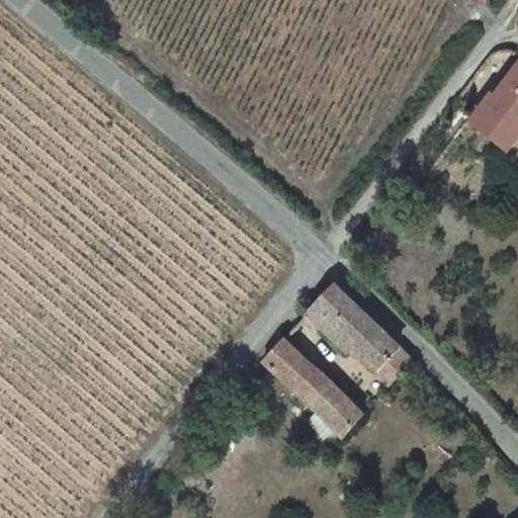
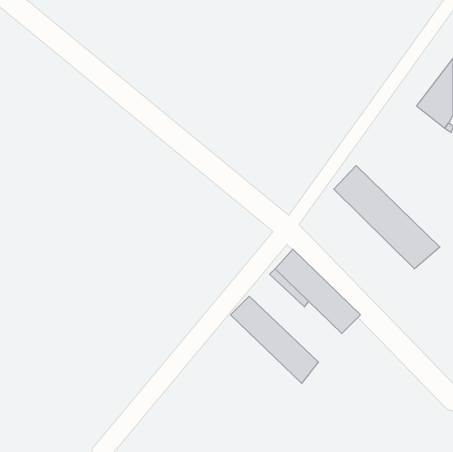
building: none -> [334,166,440,269]

